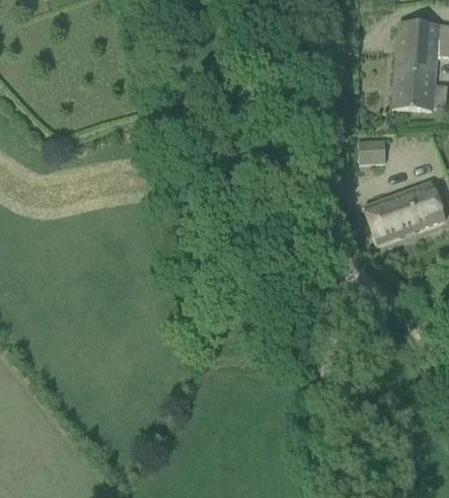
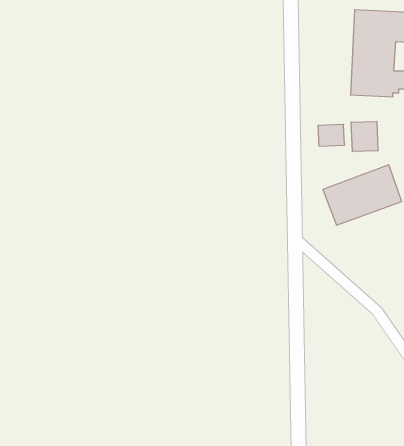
building: none -> [351,121,378,152]

